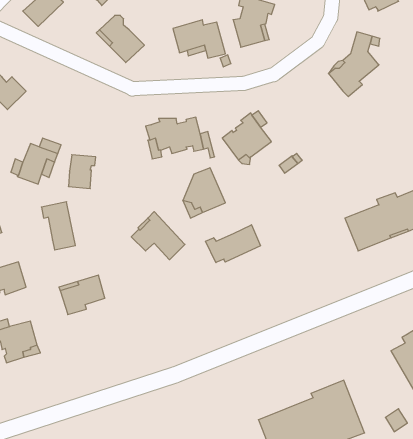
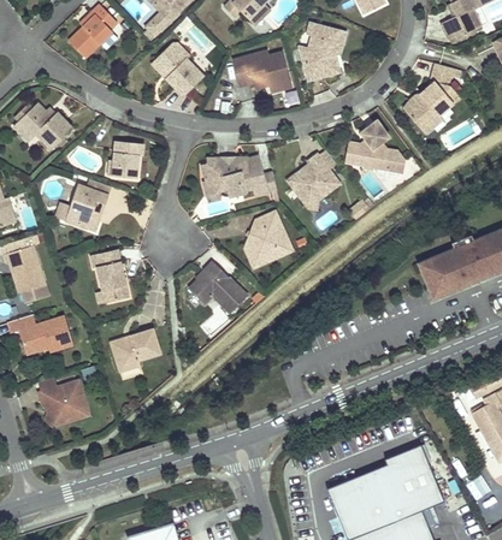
building: none -> [347,120,404,177]
building: [68,155,96,189] -> [113,141,143,178]
building: [206,225,261,263] -> none

